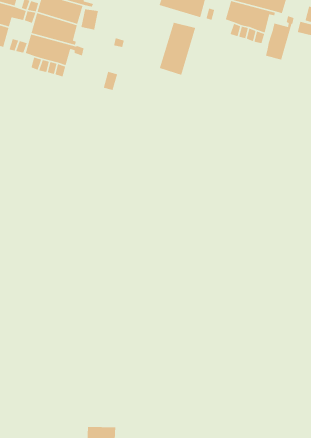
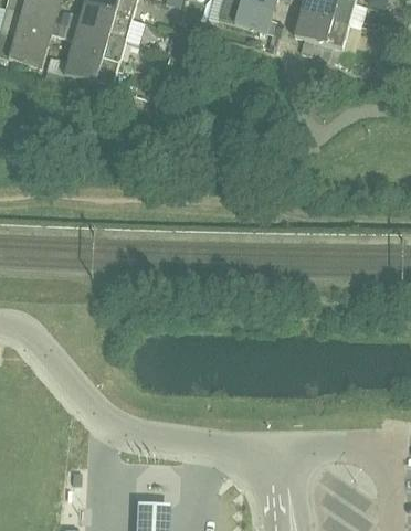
building: [265,15,294,61] -> none
building: [159,22,196,76] -> none

